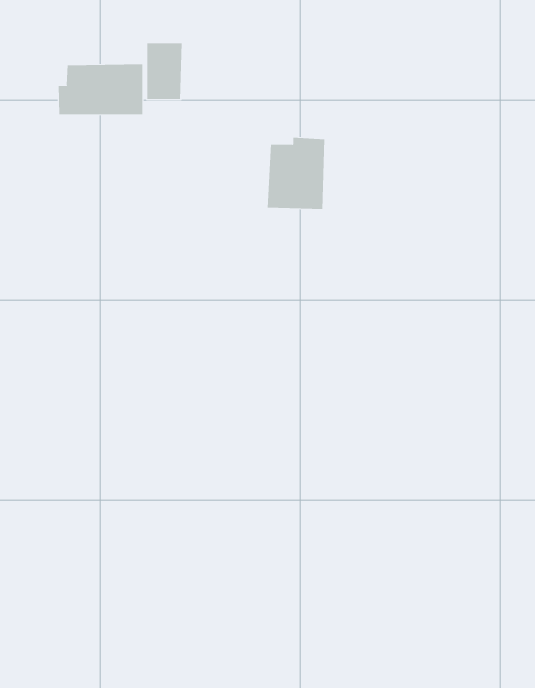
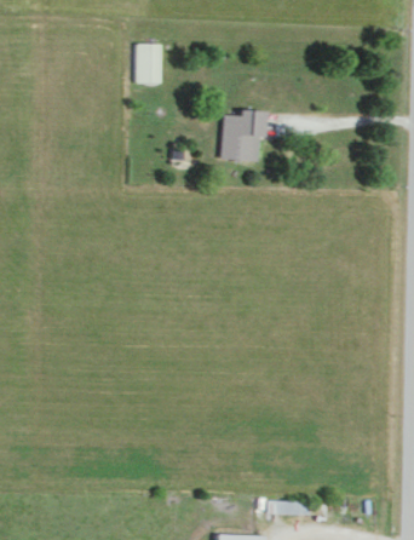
building: [58,64,143,115] -> none

